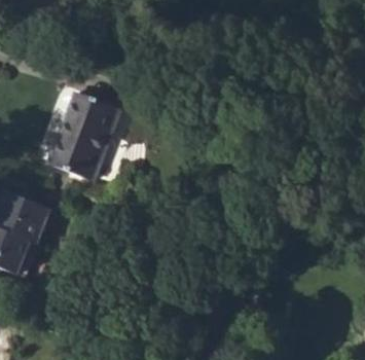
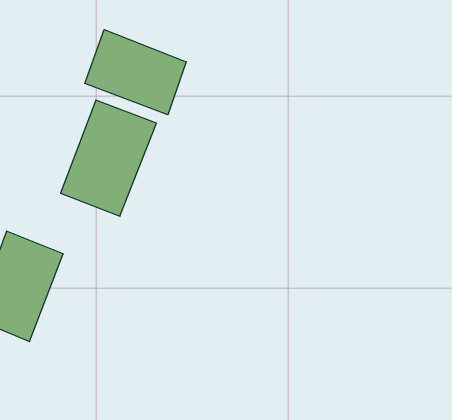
building: none -> [85,30,186,115]

